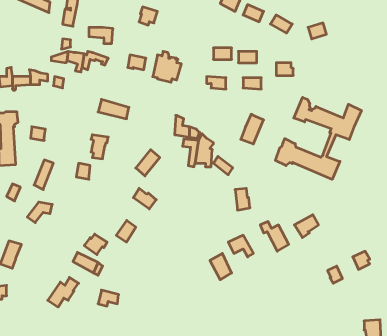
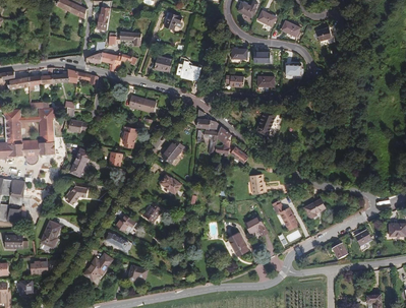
building: [275,97,361,179] -> none

